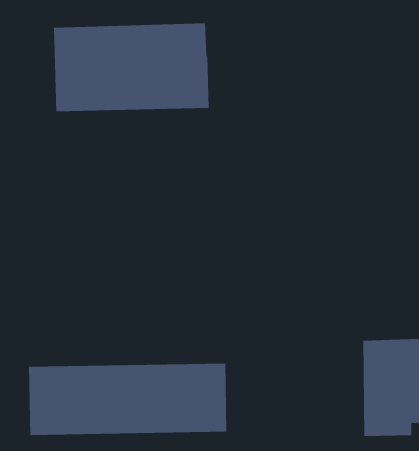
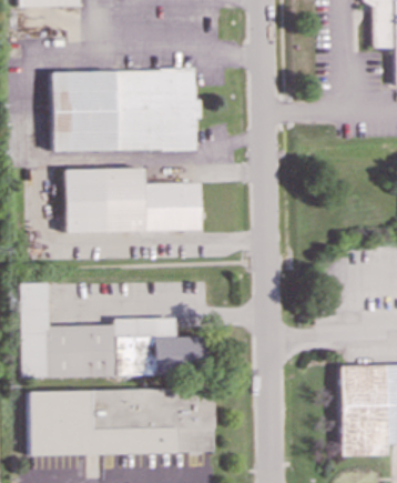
building: none -> [64,168,202,233]
building: none -> [20,283,203,376]

